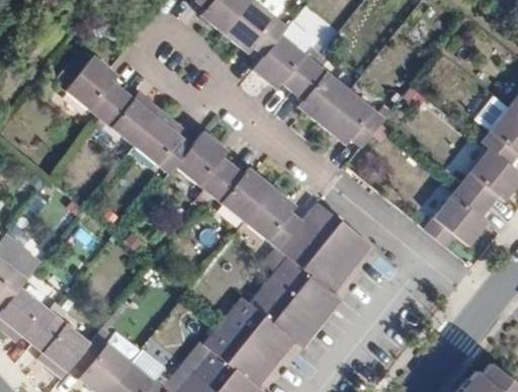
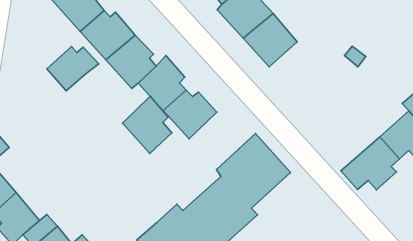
building: [323,93,385,151] -> none
building: none -> [47,46,99,91]
building: [246,187,304,252] -> [122,96,172,154]

